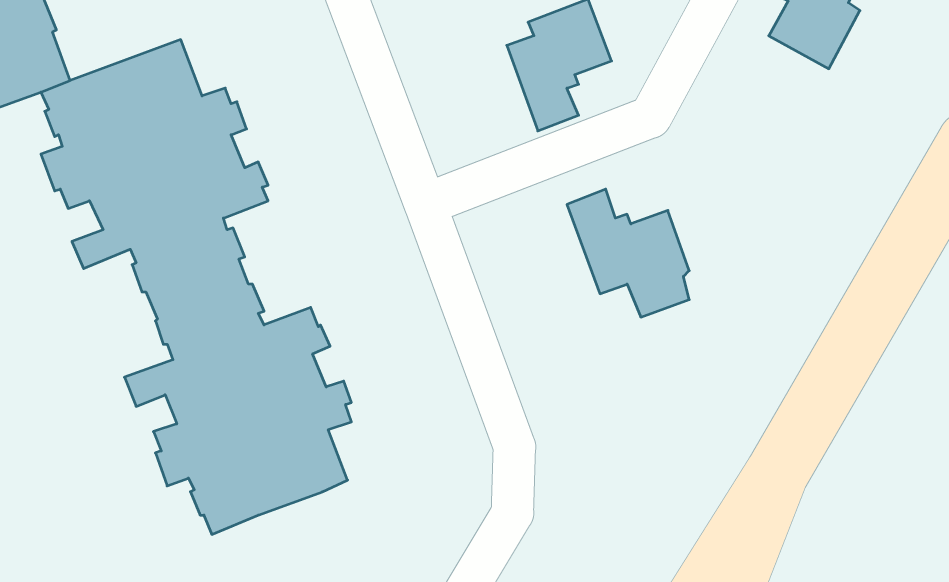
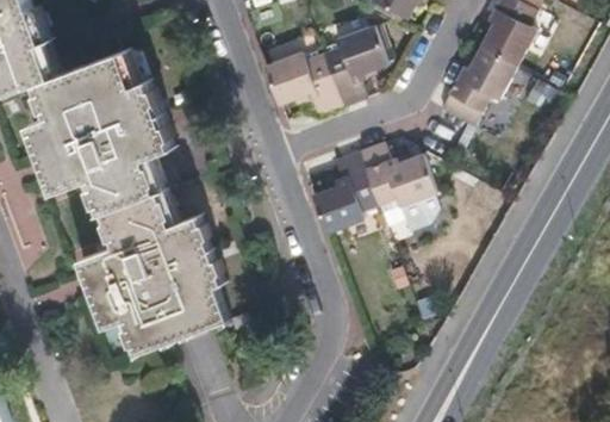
building: none -> [441,46,518,129]
building: none -> [261,51,340,114]
building: none -> [311,150,378,235]

